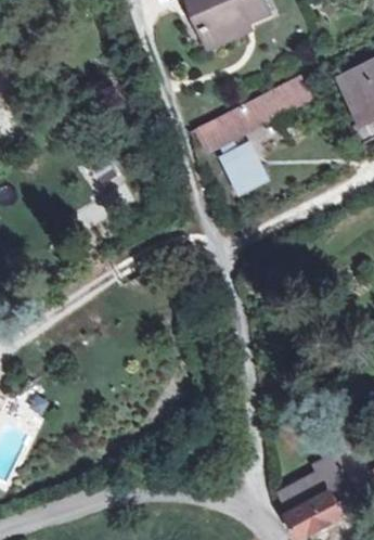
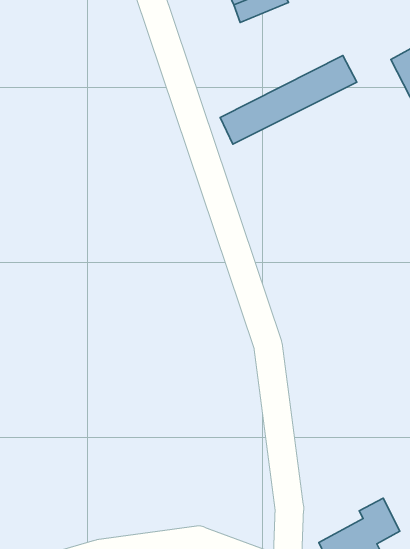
building: [217,139,269,195] -> none

